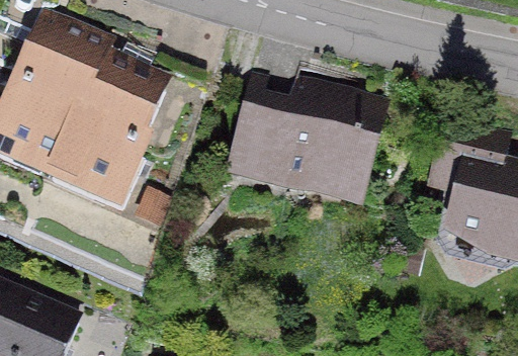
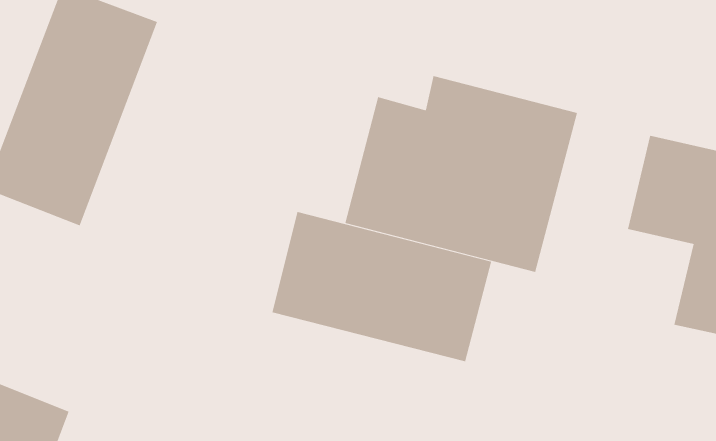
building: [69,50,184,212] -> none
building: none -> [272,211,492,362]

